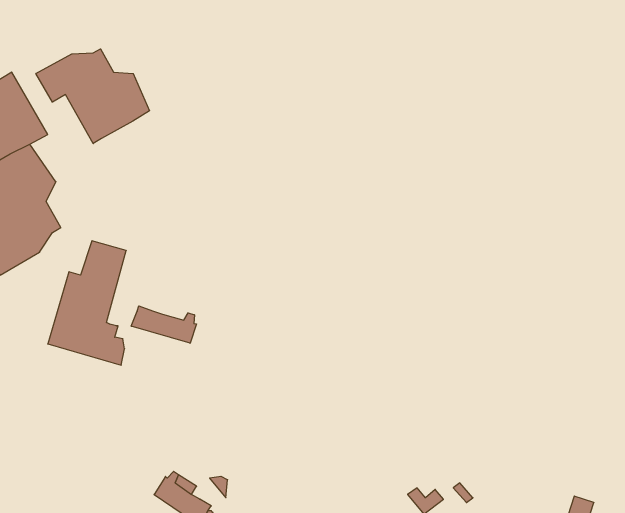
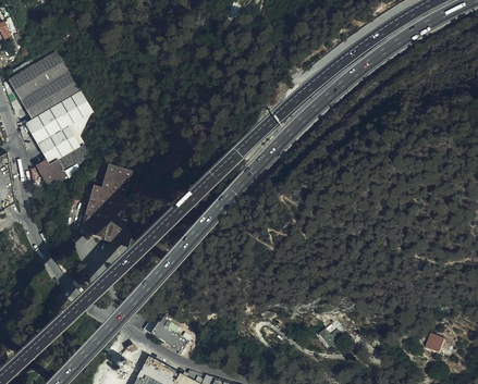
building: [36,49,149,144] -> none
building: [131,306,196,343] -> none

